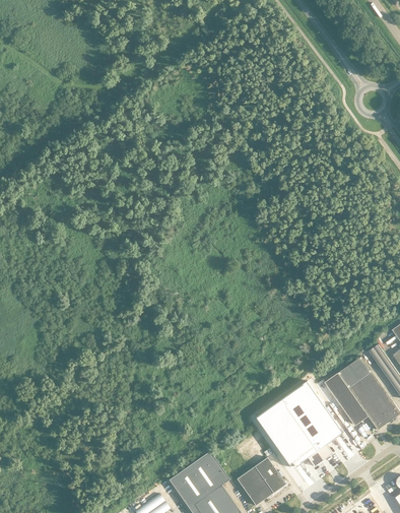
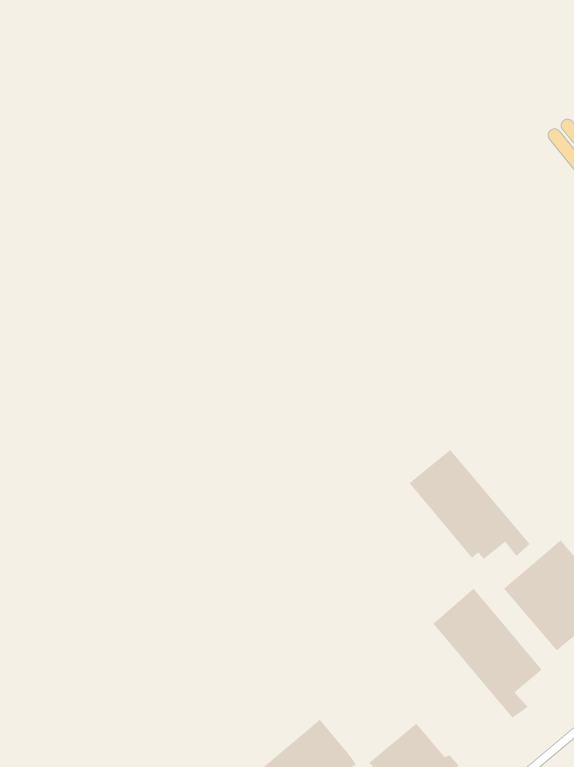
building: [254,399,323,466] -> [409,449,531,560]

